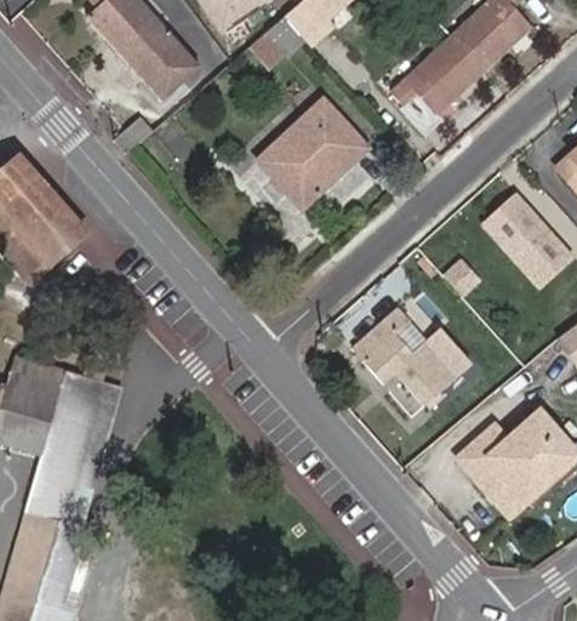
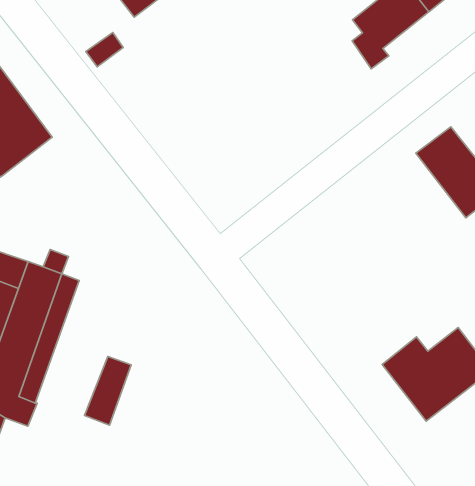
building: [257,98,367,209] -> none
building: [354,309,468,403] -> none
building: none -> [85,357,131,425]

